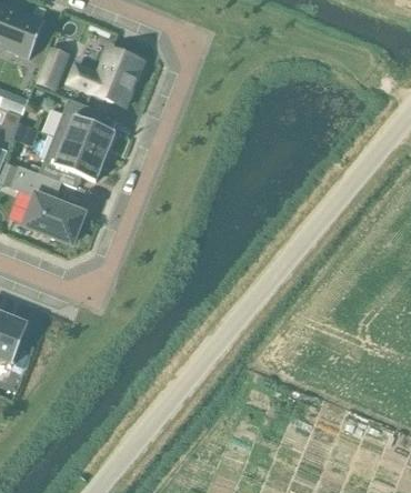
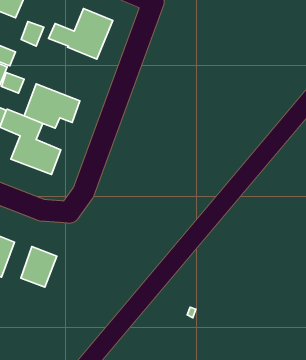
building: [53,98,114,155] -> none
building: none -> [21,247,57,287]

